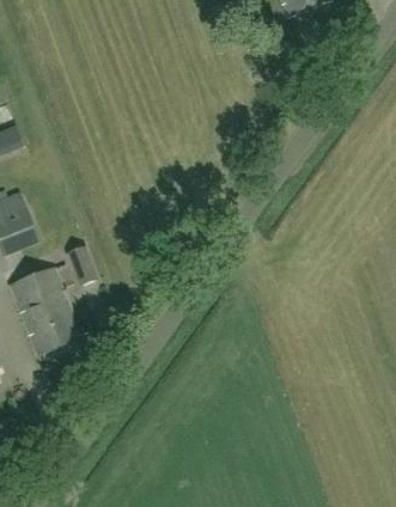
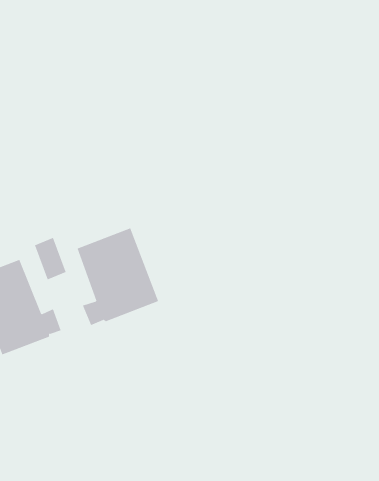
building: none -> [77,227,159,326]

